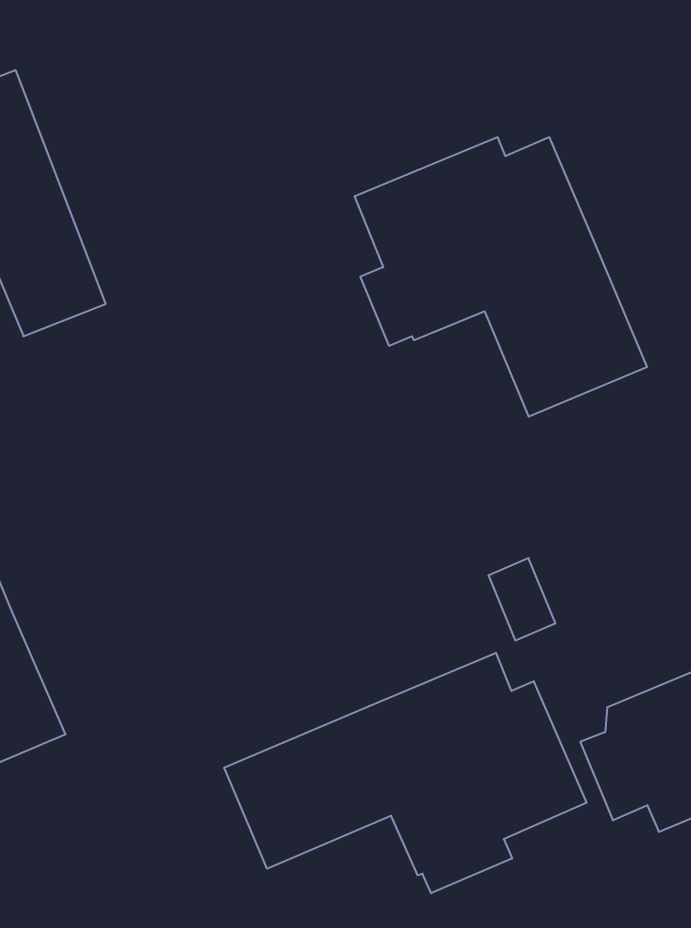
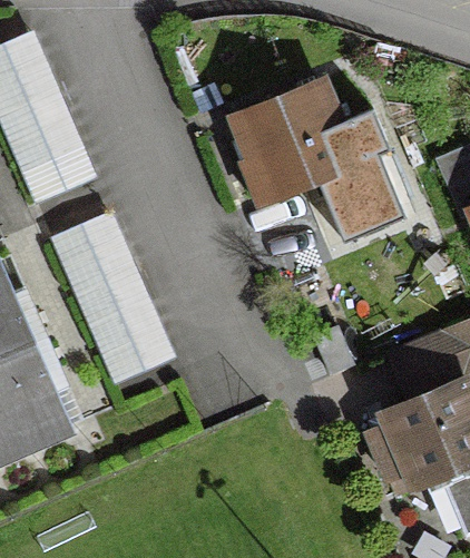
building: none -> [63,221,170,379]
building: [224,653,586,893] -> none

